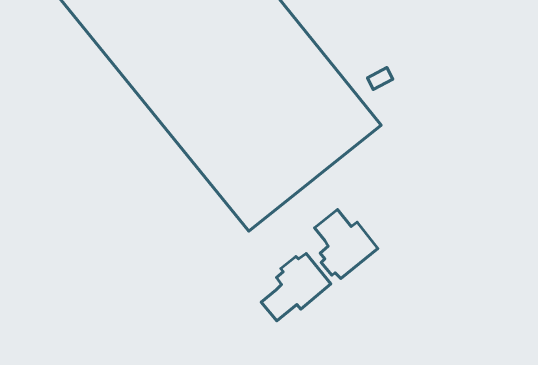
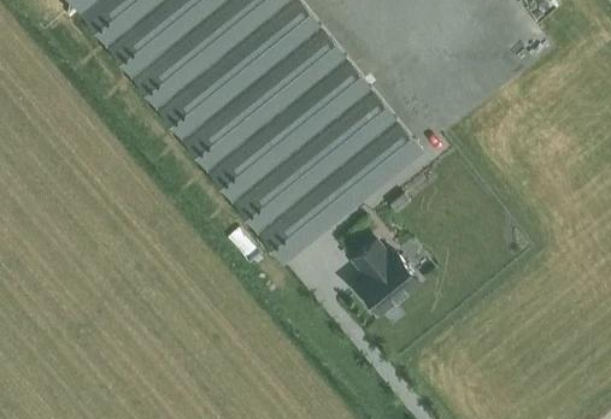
building: [261,253,331,321] -> none

